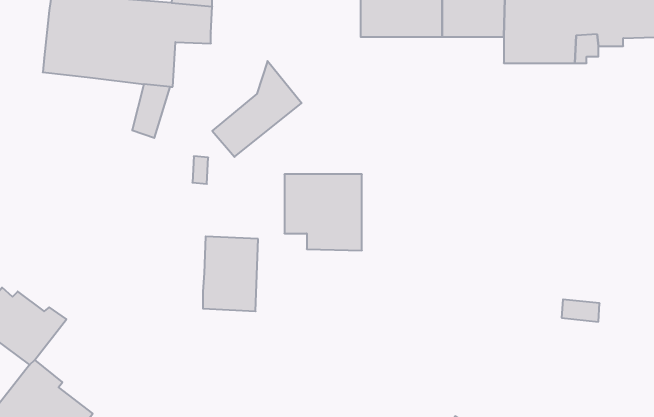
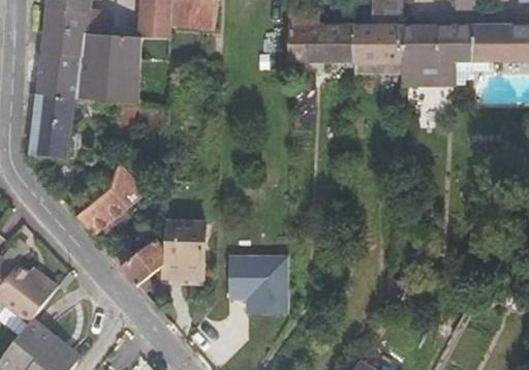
building: [212,61,302,157] -> [76,161,147,237]
building: none -> [29,91,74,158]
building: [284,174,362,250] -> [229,251,290,311]
building: none -> [111,239,164,286]

